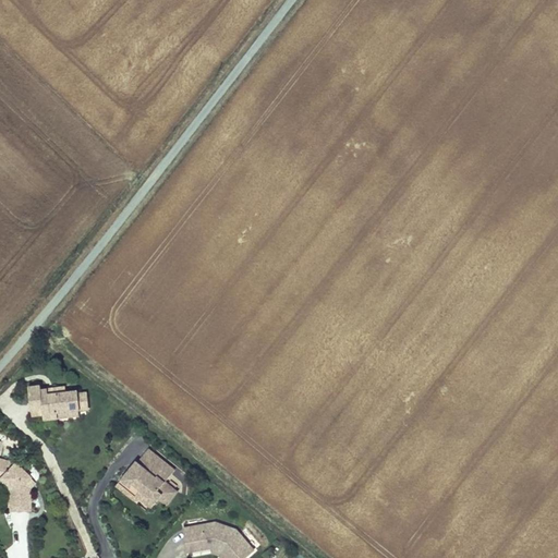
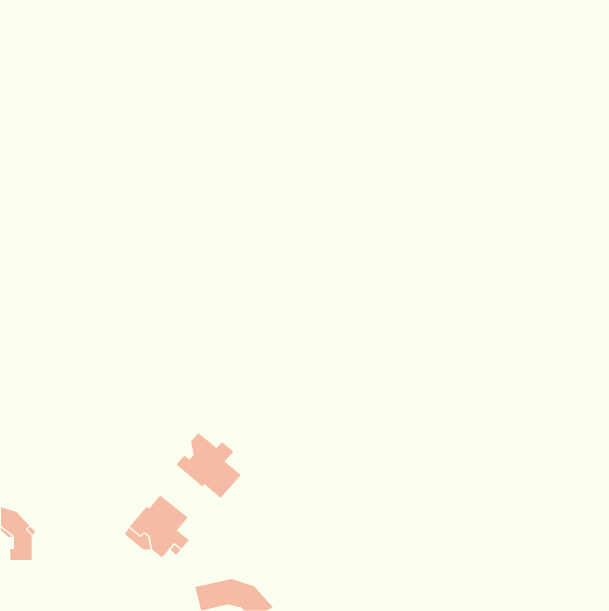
building: [26,387,78,420] -> none
building: none -> [175,432,242,499]

